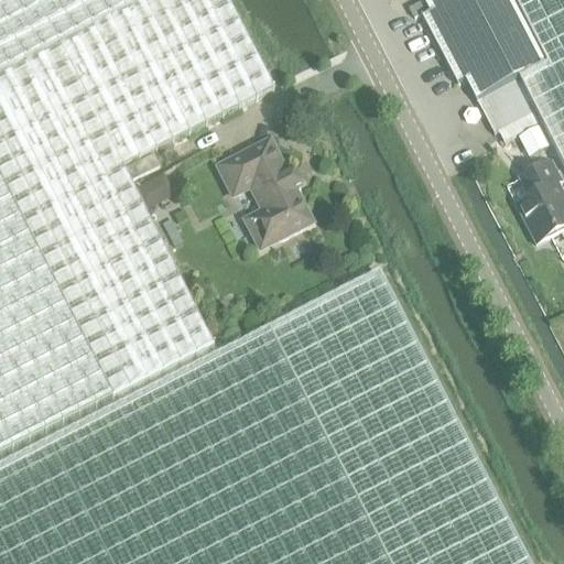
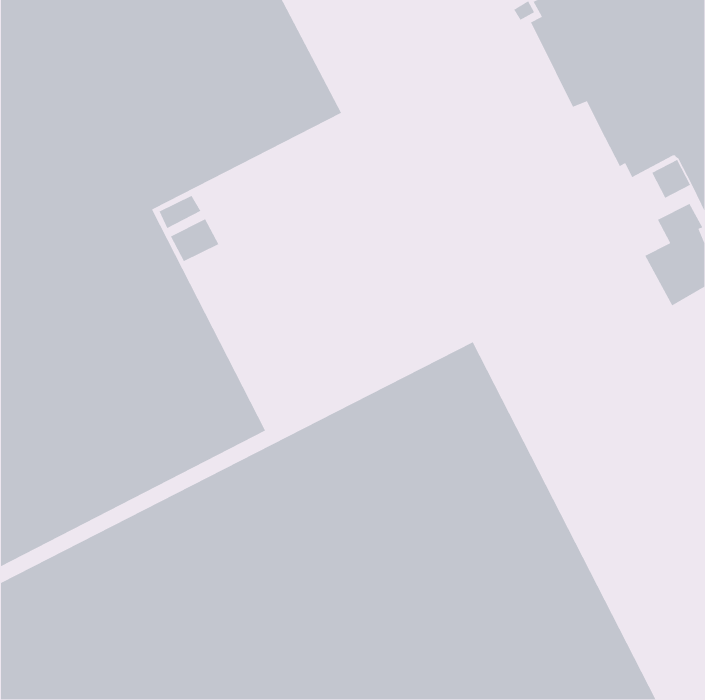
building: [219,142,312,249] -> none

